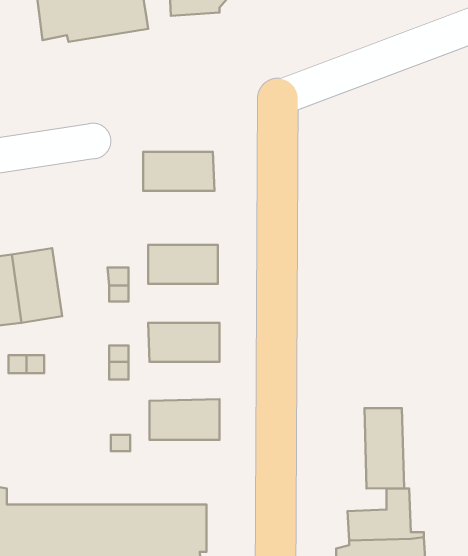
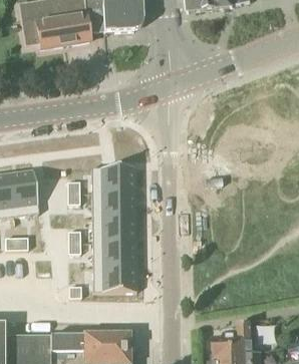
building: [143,152,215,191] -> [92,196,136,220]
building: none -> [93,244,136,268]
building: [365,408,404,489] -> none

